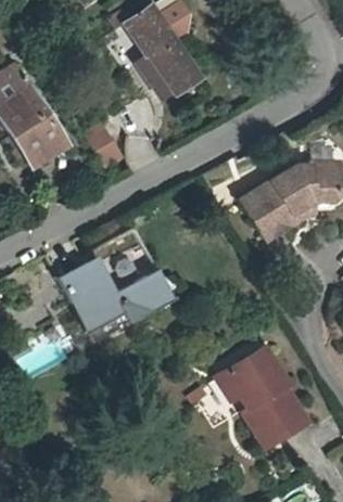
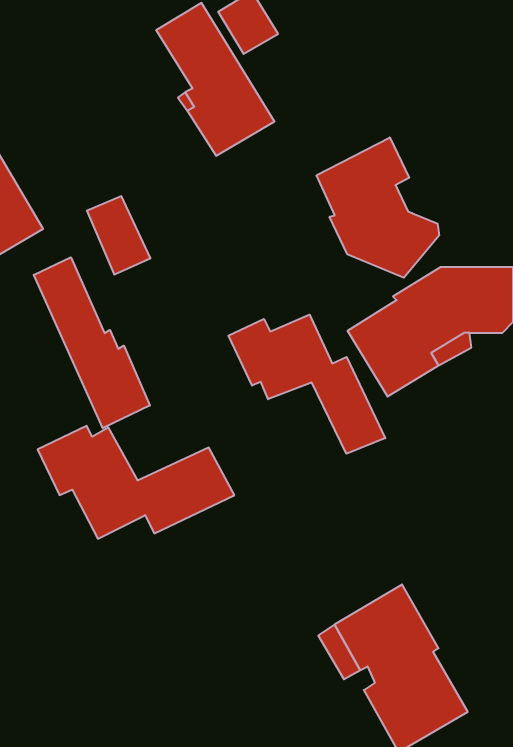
building: none -> [317,137,439,278]
building: none -> [34,257,150,428]
building: none -> [228,315,385,454]

